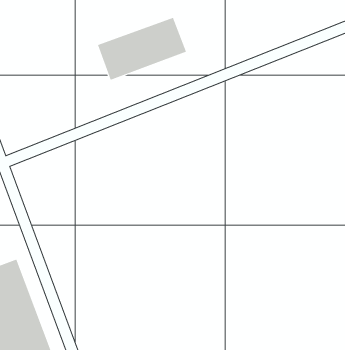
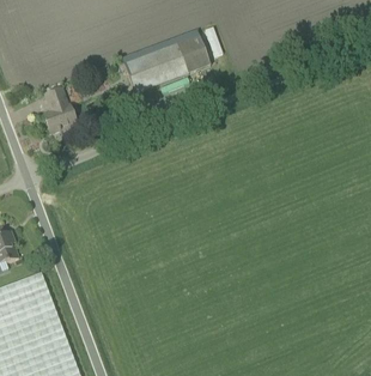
building: none -> [44,90,77,134]

